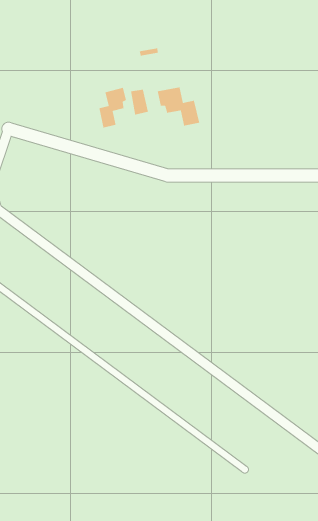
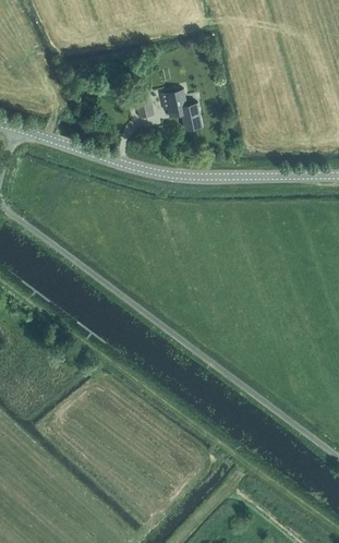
building: [99,87,127,129] -> none

